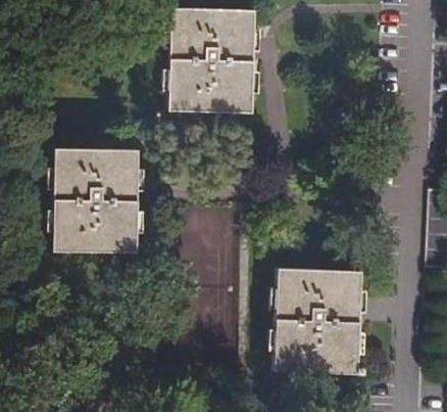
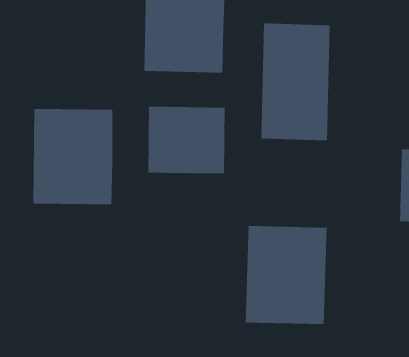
building: none -> [261,23,330,141]
building: none -> [148,106,225,174]

